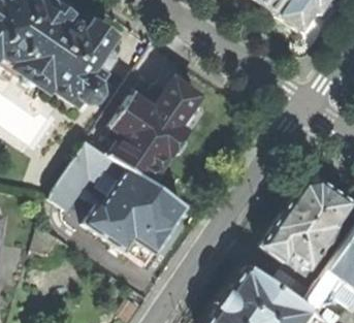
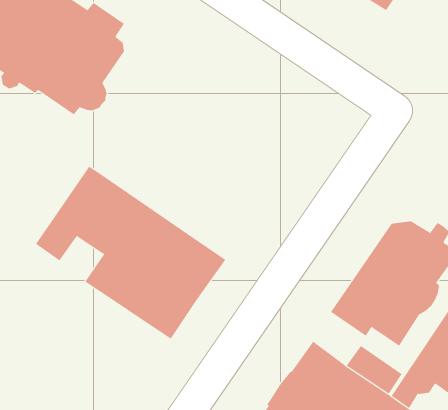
building: [103,77,206,183] -> none

